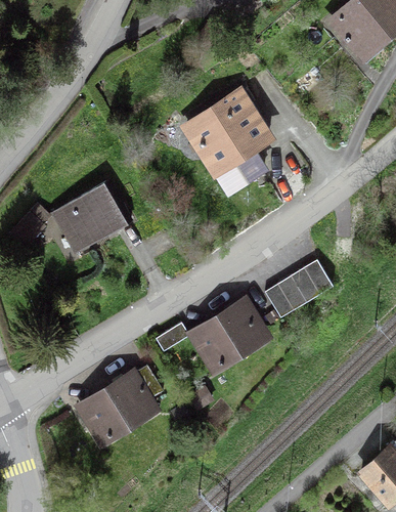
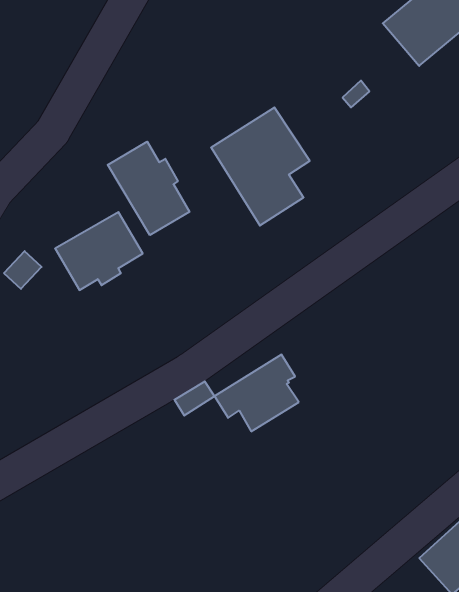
building: none -> [108,142,189,235]
building: [265,259,333,317] -> none
building: [79,365,163,437] -> none

